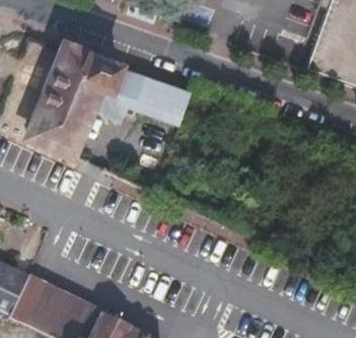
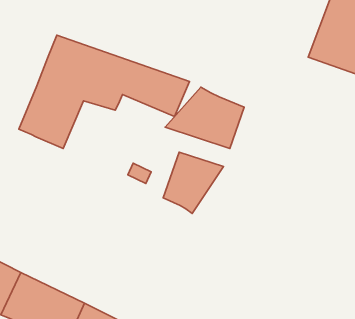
building: none -> [165,87,244,149]
building: none -> [163,152,224,213]

